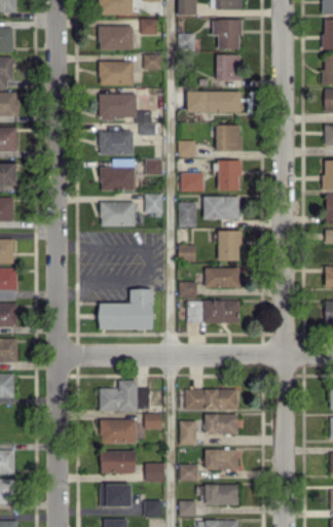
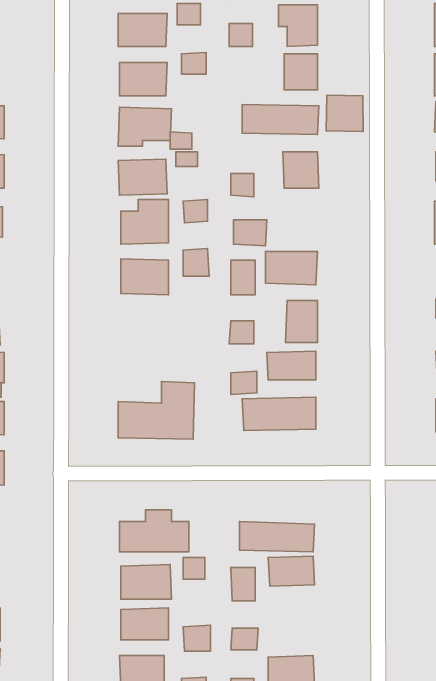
building: none -> [326,95,363,132]
building: [218,160,240,190] -> none
building: [206,449,238,469] -> none

